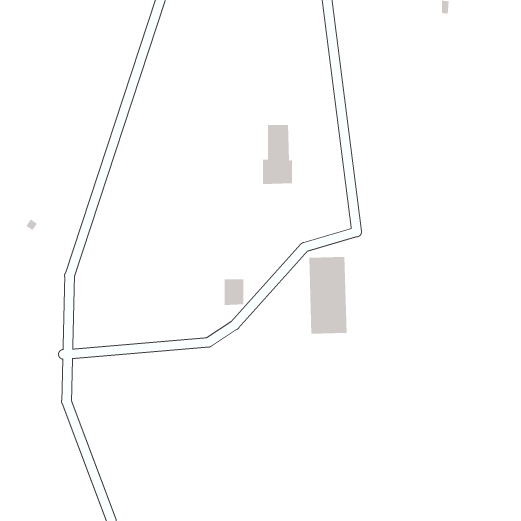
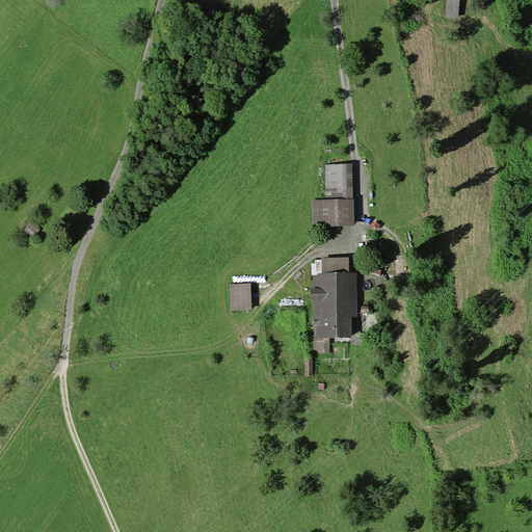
building: [262,124,293,185] -> [321,161,352,222]

